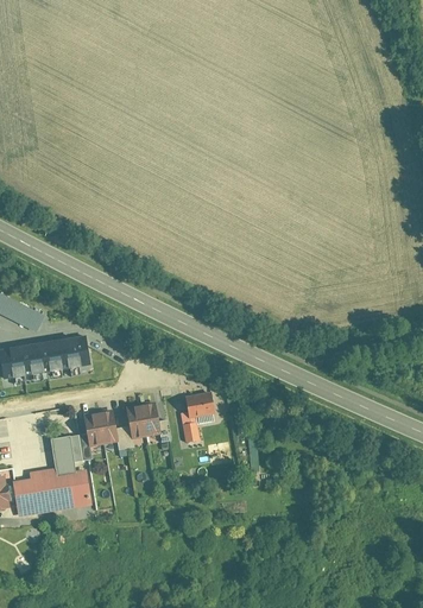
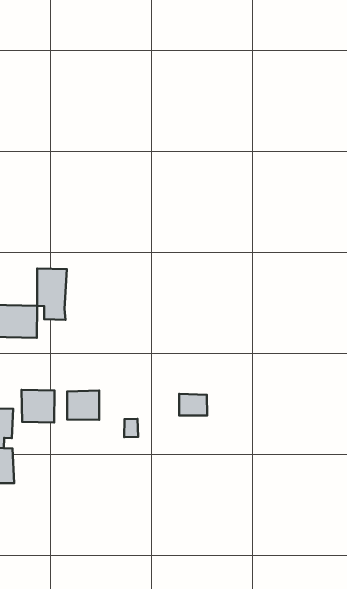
building: none -> [37,268,67,320]
building: [185,394,215,418] -> [179,394,207,416]

